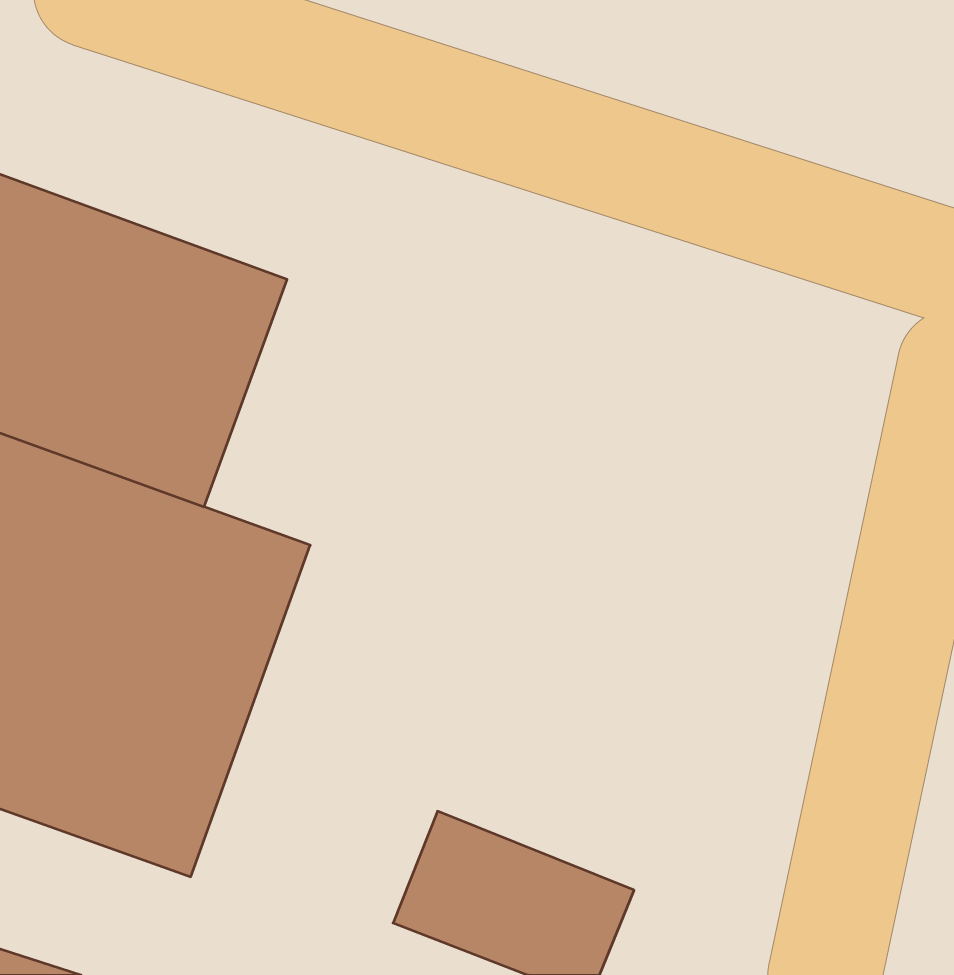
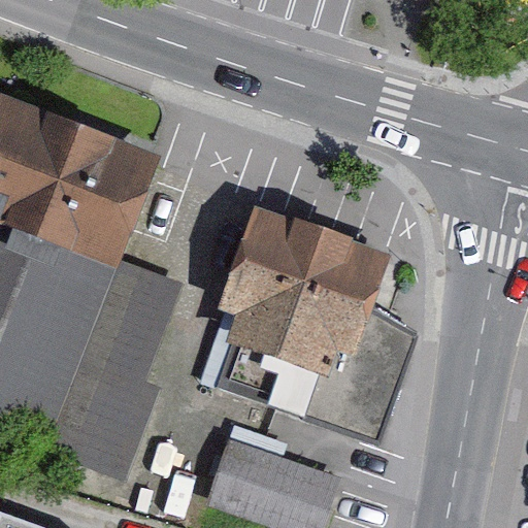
building: none -> [207,213,386,395]

